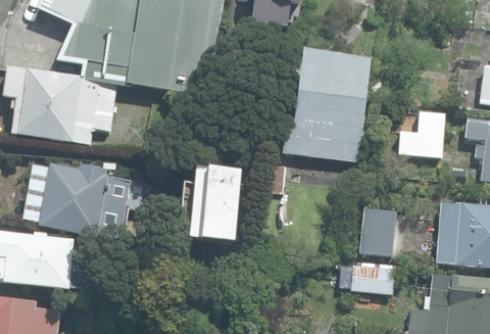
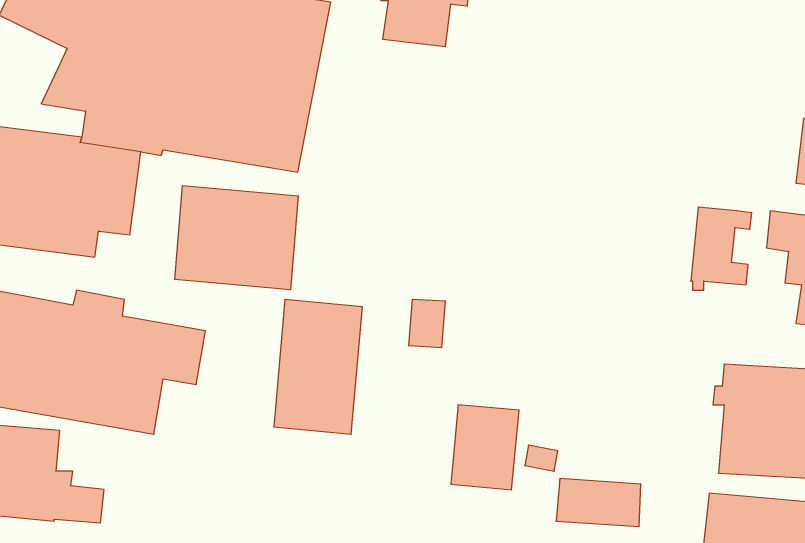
building: [281,51,367,161] -> none
building: none -> [175,186,298,290]
building: [357,209,395,256] -> [451,405,519,490]

